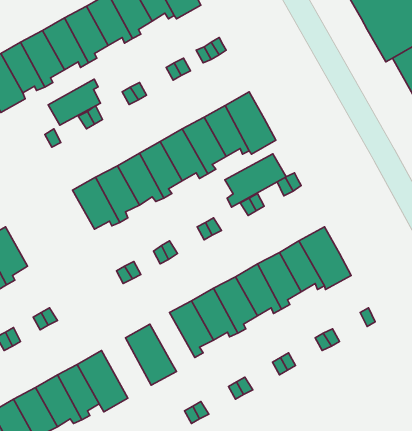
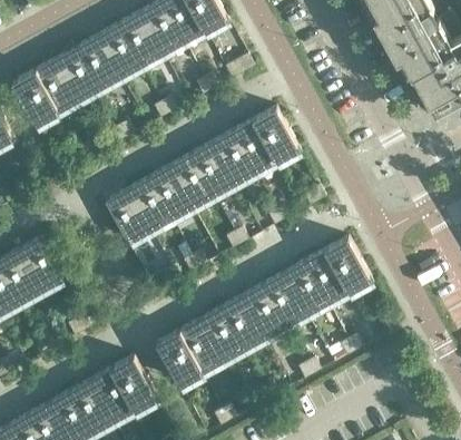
building: [48,79,100,125] -> none
building: [225,154,286,207] -> none
building: none -> [179,321,223,370]

